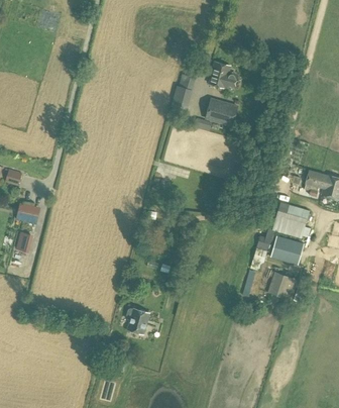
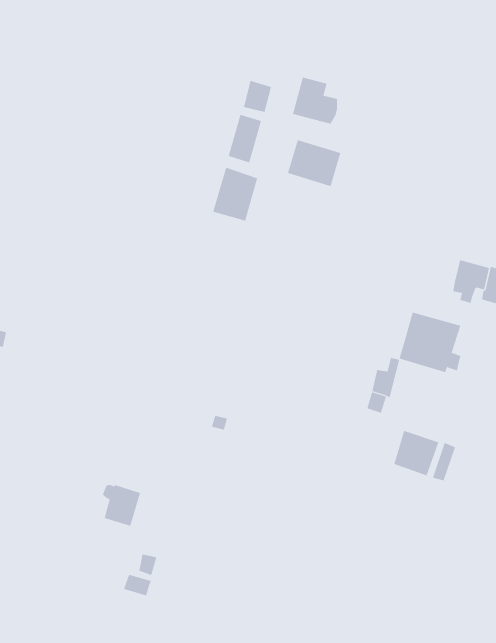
building: none -> [212,167,258,222]
building: [269,234,302,264] -> none
building: [125,308,148,333] -> [102,484,141,527]

